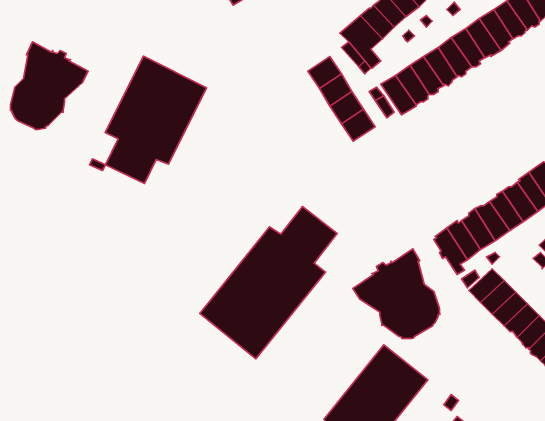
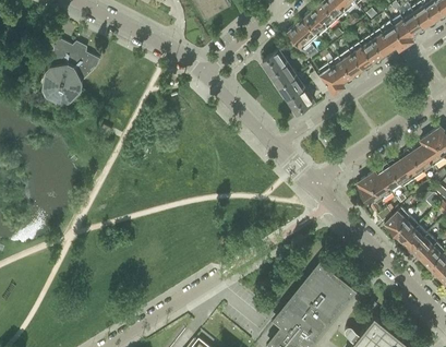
building: [105,56,207,184] -> none
building: [200,207,337,359] -> none
building: [353,249,440,339] -> none

